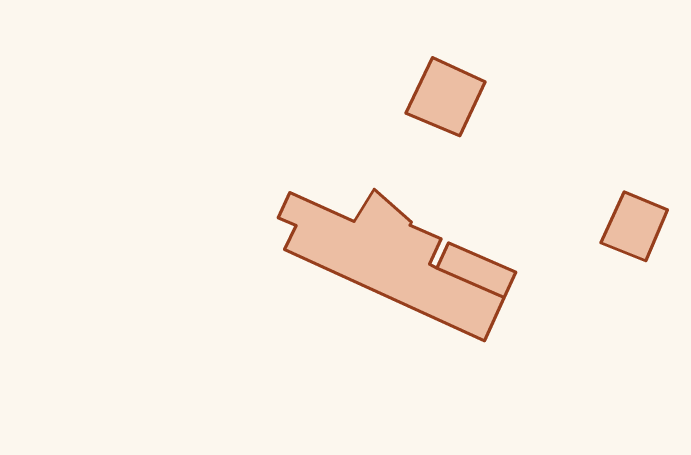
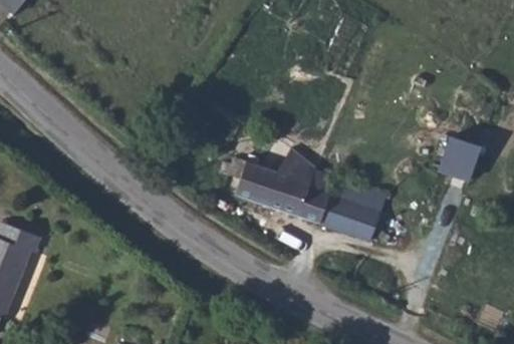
building: [406,58,485,136] -> none

